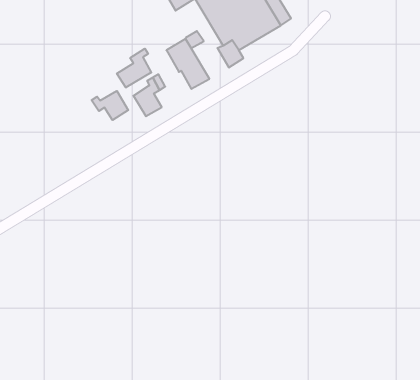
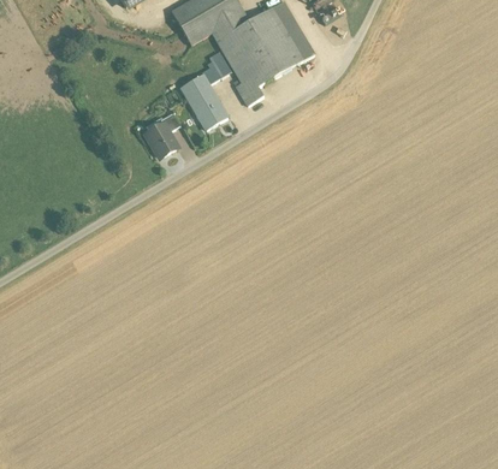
building: [117,49,151,88] -> none
building: [92,91,128,120] -> none

